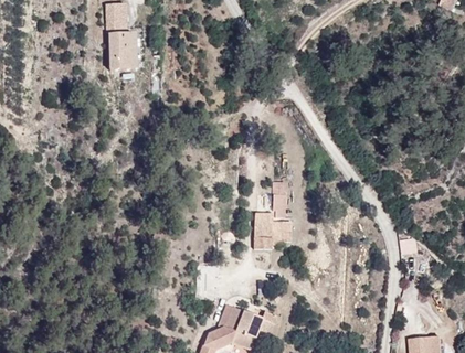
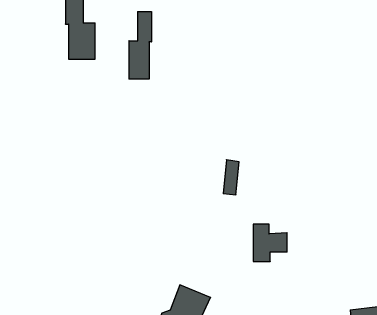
building: none -> [129,12,151,79]
building: [256,213,292,252] -> [253,224,287,261]

